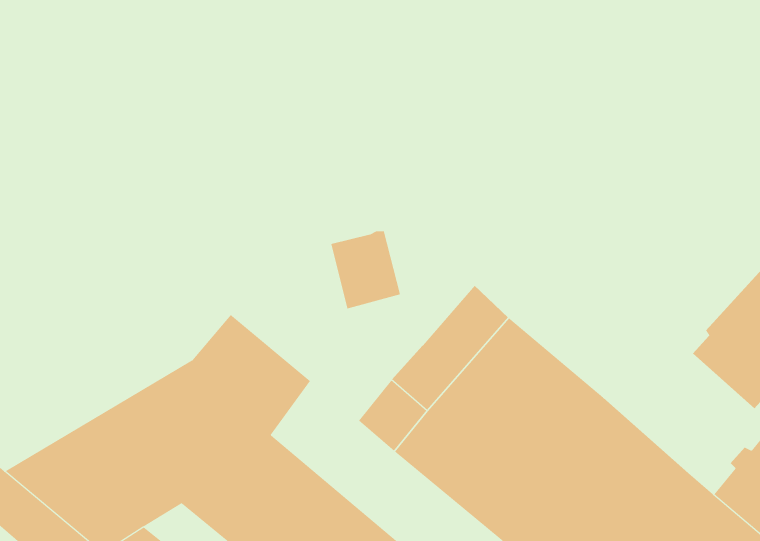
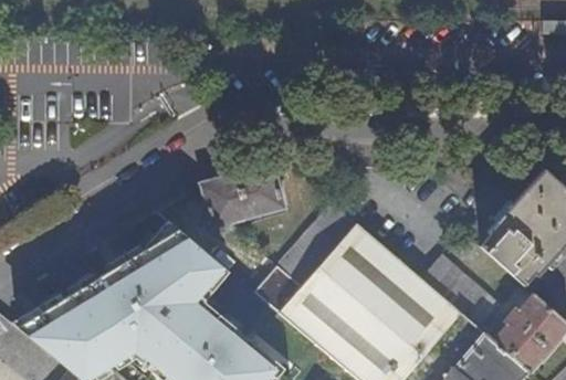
building: none -> [201,173,248,226]
building: none -> [421,255,499,328]

